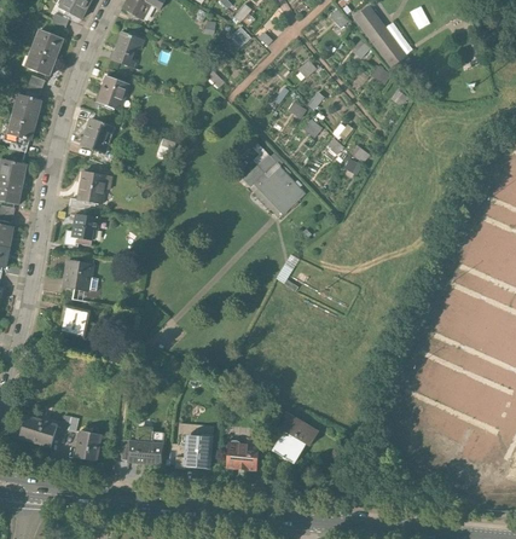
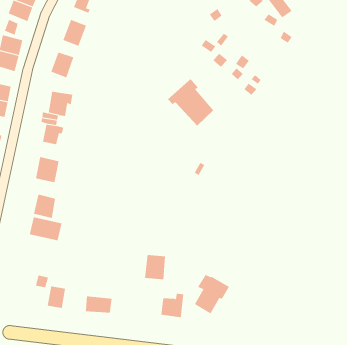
building: none -> [29,216,62,241]
building: [19,415,57,447] -> none
building: [182,435,211,469] -> [144,254,166,280]

